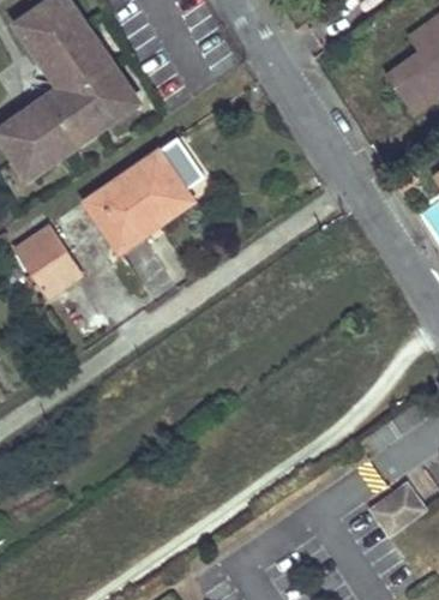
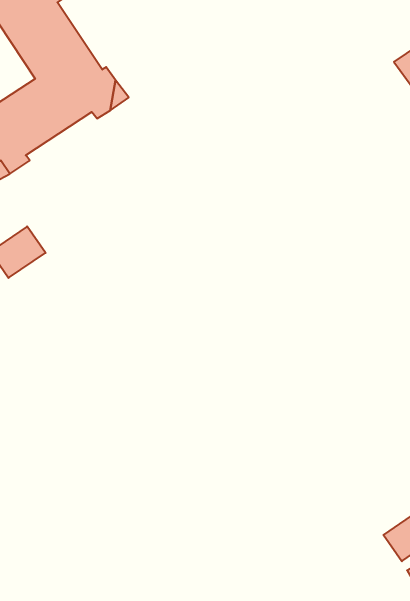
building: [86,148,188,250] -> none
building: [35,248,84,296] -> none

